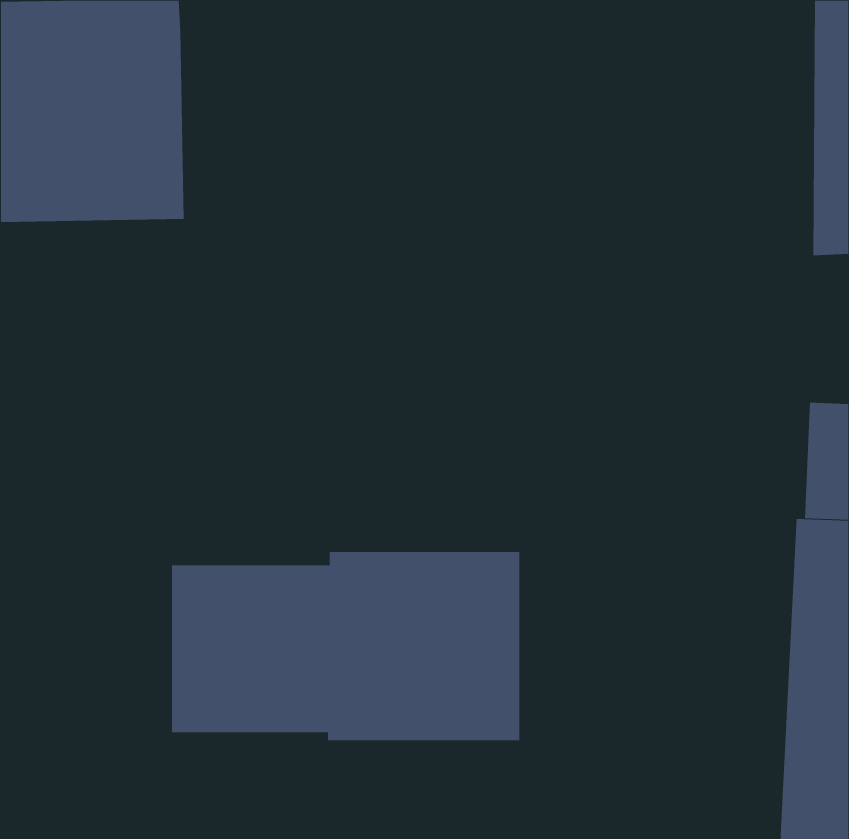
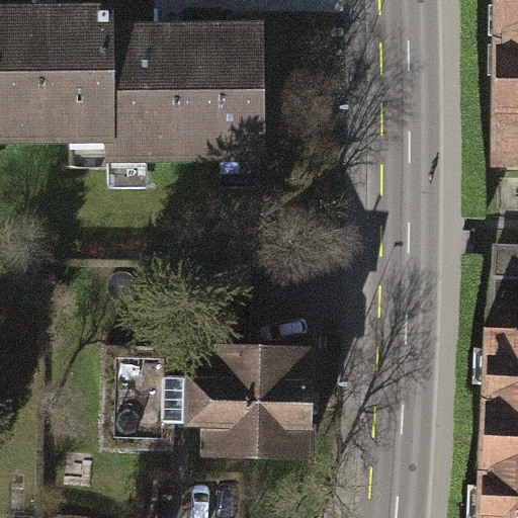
building: none -> [110,22,266,152]

